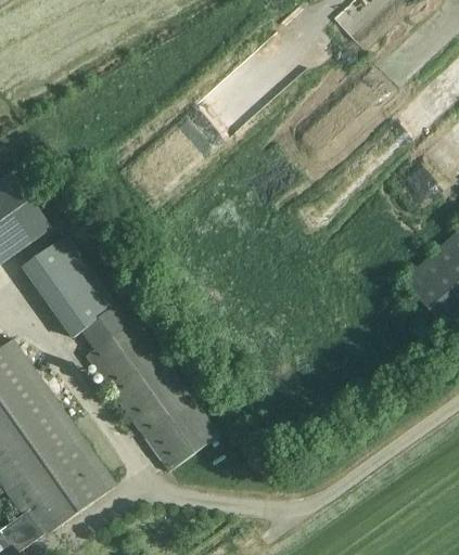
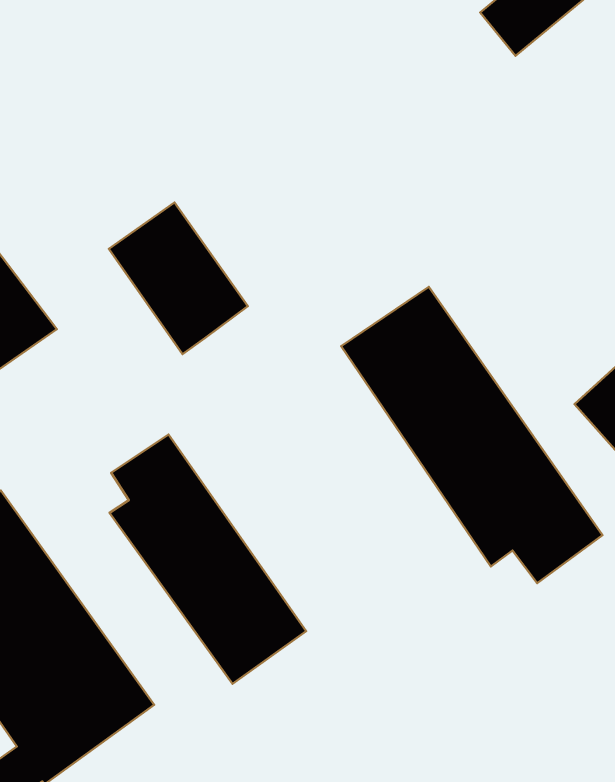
building: none -> [341,287,602,583]
building: [22,235,116,338] -> [109,202,248,354]

